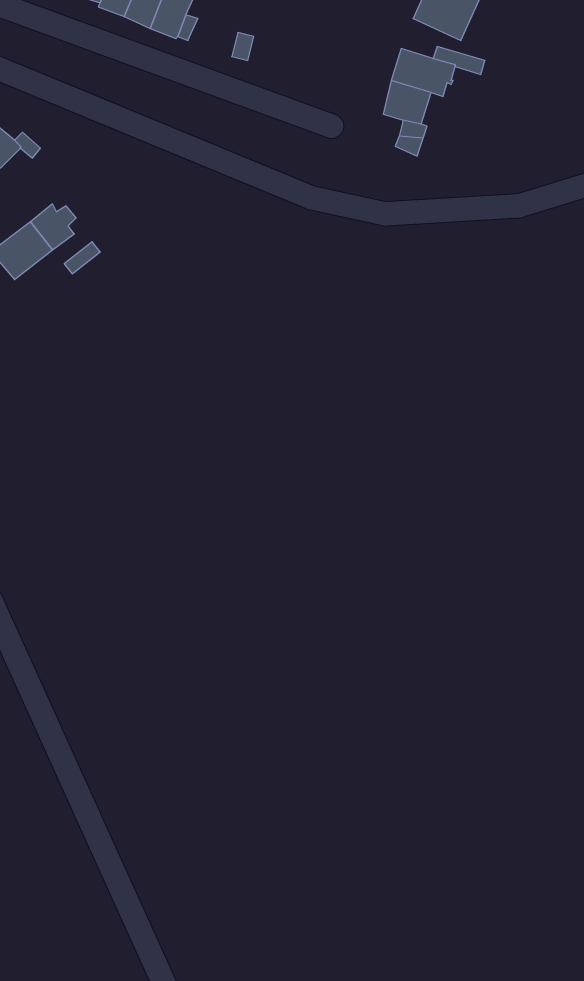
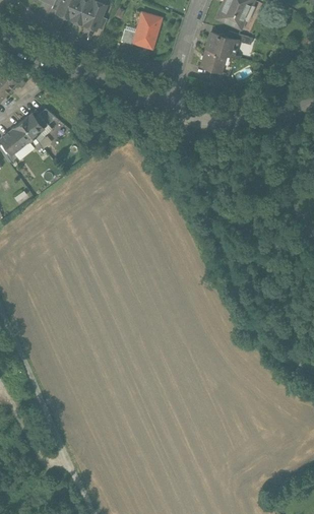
building: none -> [134,13,162,48]

